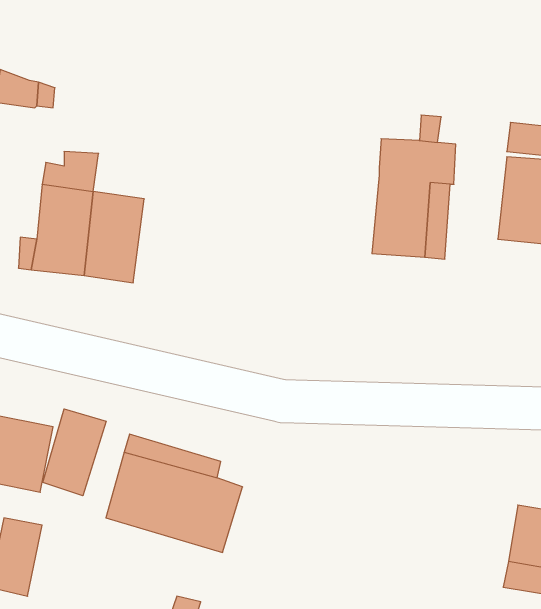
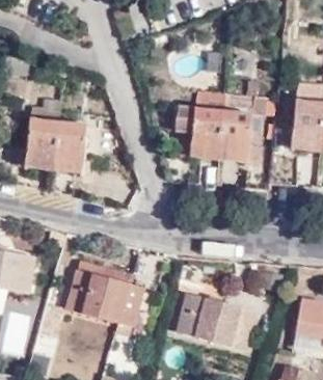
building: none -> [188,106,221,157]
building: [43,409,106,496] -> none
building: none -> [177,294,255,351]

